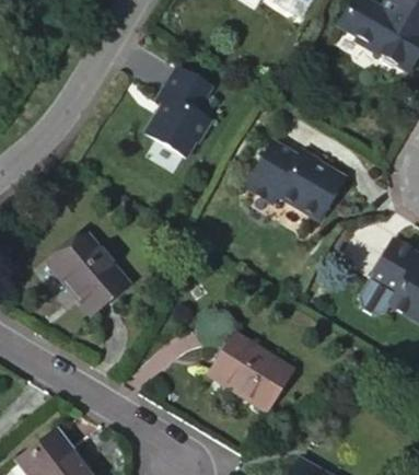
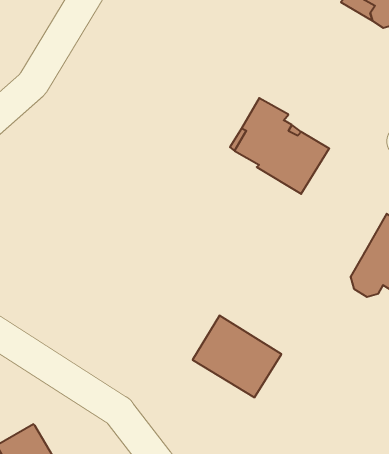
building: [144,67,211,158] -> none
building: [49,233,126,312] -> none

